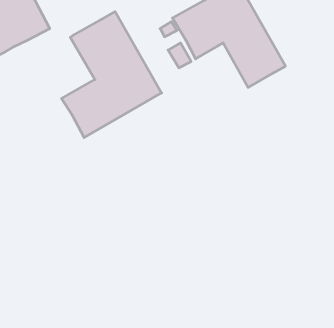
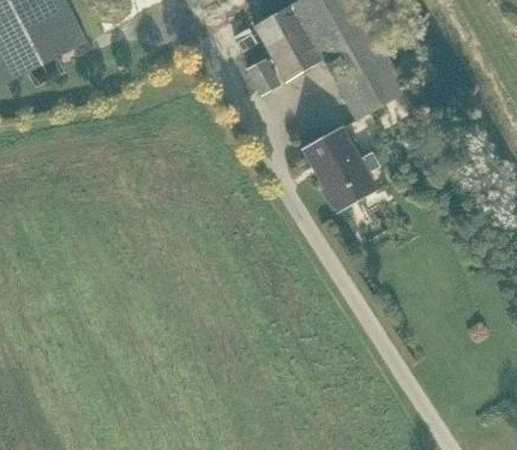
building: [62,12,162,138] -> none
building: none -> [303,126,379,211]

